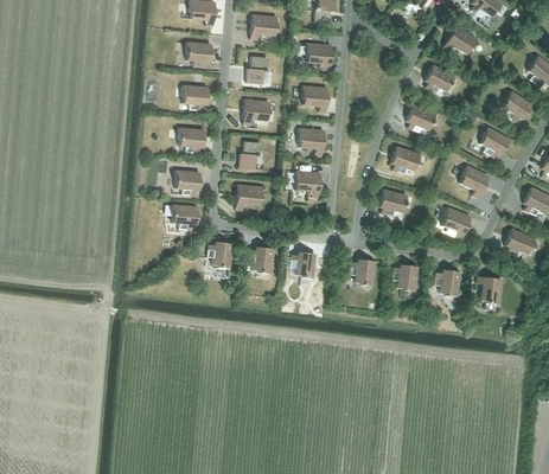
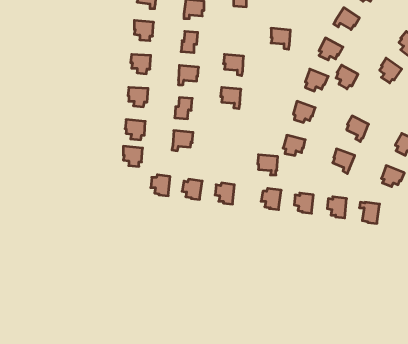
building: [306,41,331,69] -> [271,28,290,49]
building: [480,126,509,156] -> [336,65,358,89]
building: [294,169,320,196] -> [258,155,278,175]

